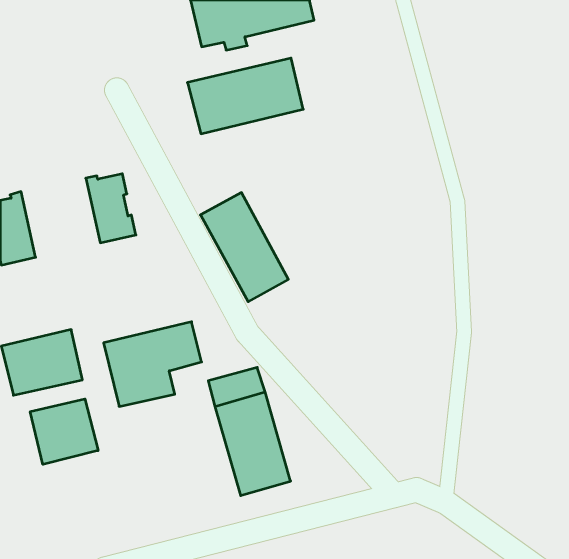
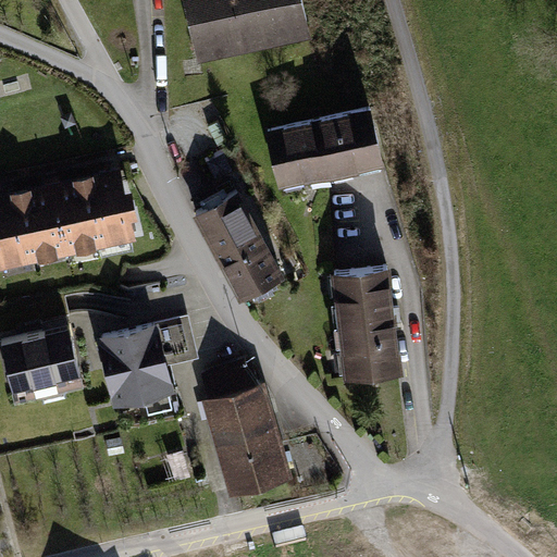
building: [187,58,303,134] -> [269,115,382,189]
building: none -> [21,184,98,263]
building: none -> [335,274,399,383]
building: [30,399,98,464] -> none

